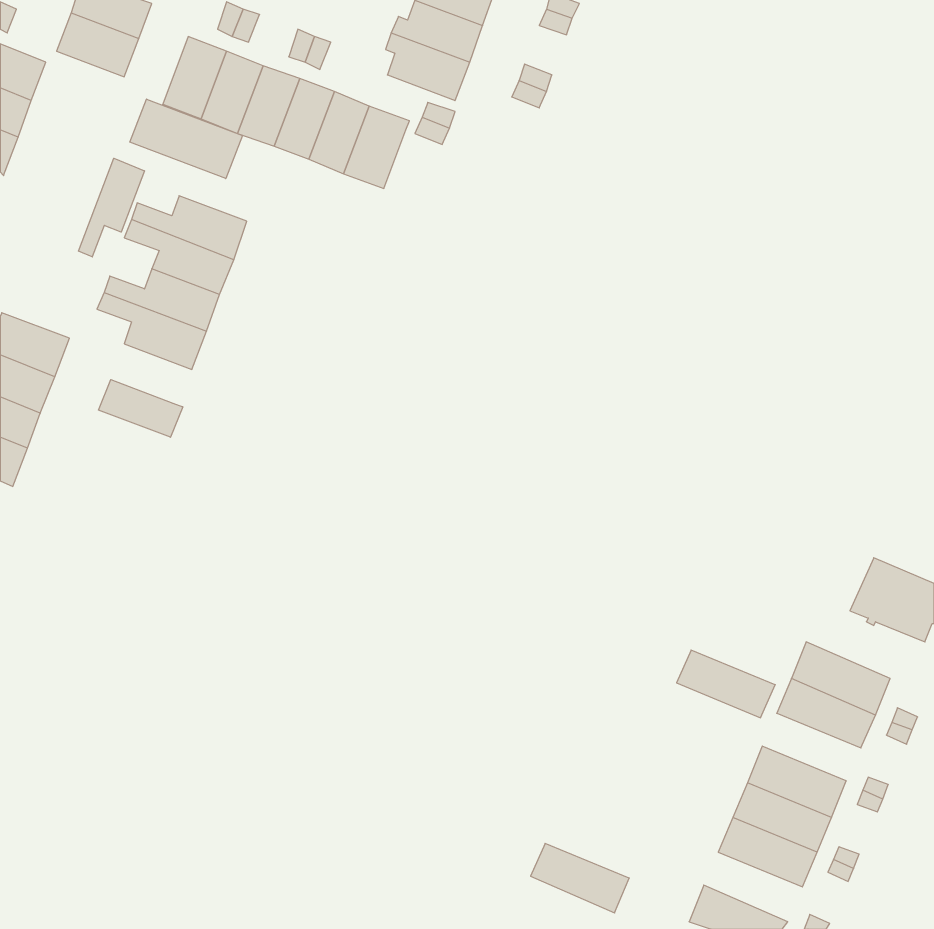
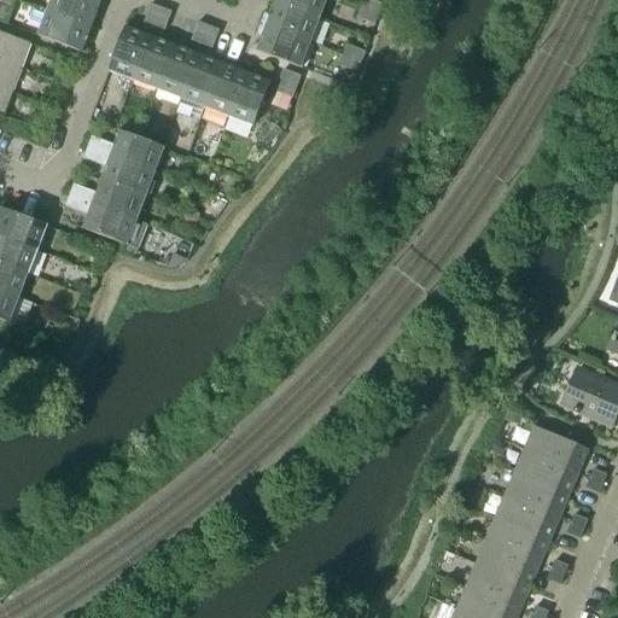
building: [130,99,243,179] -> none
building: [79,158,144,257] -> none
building: [99,380,183,437] -> none
building: [677,650,775,718] -> [503,471,569,515]
building: [531,843,629,913] -> [465,562,530,608]

